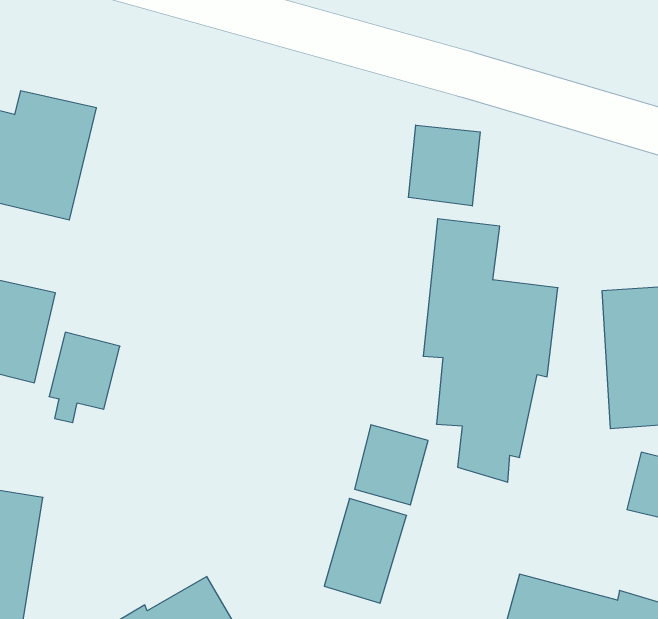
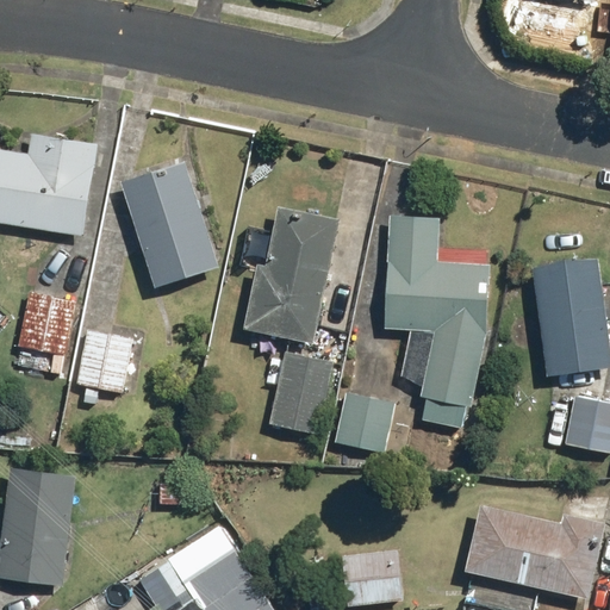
building: [408,125,480,206] -> none
building: none -> [122,161,219,288]
building: none -> [245,206,340,344]
building: [324,498,407,603] -> [269,351,334,437]

